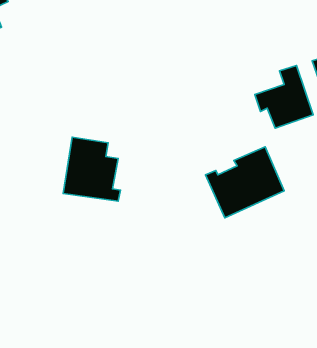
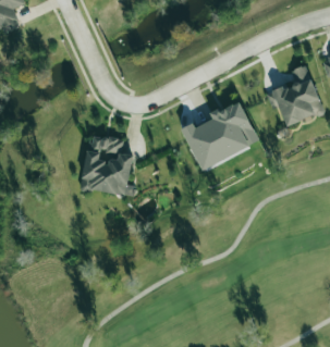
building: [206,147,284,218] -> [183,100,259,169]

